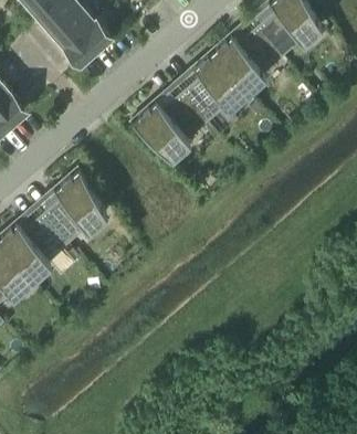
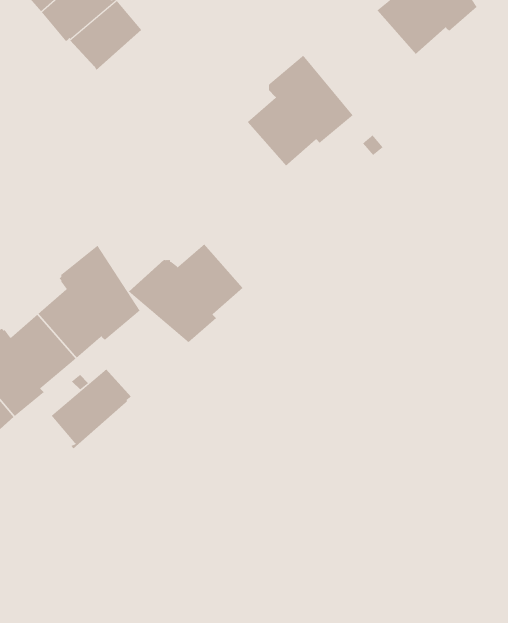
building: [211,27,281,92] -> none
building: [128,96,200,158] -> [128,244,243,343]
building: none -> [51,369,132,449]

